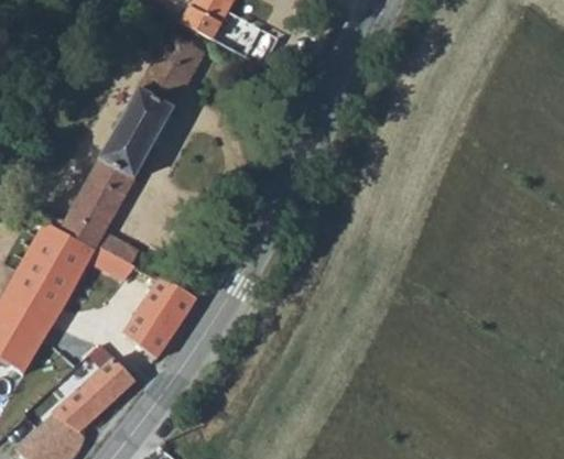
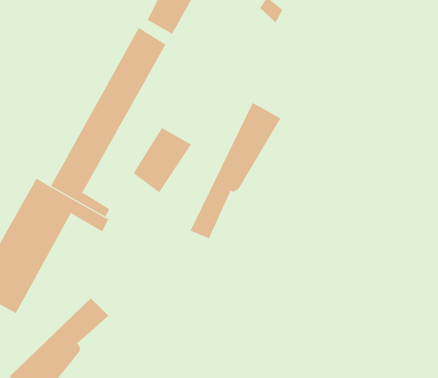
building: none -> [190,102,281,239]
building: [123,277,194,357] -> [133,127,192,193]

